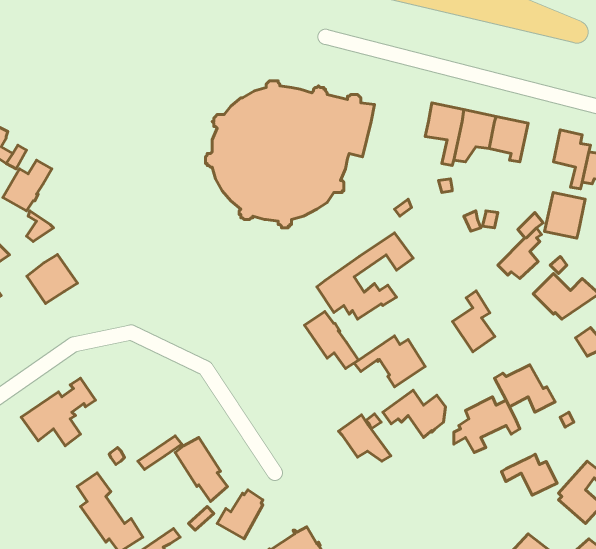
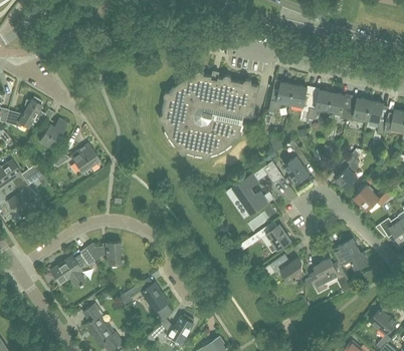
building: none -> [269,80,294,113]
building: [545,193,585,238] -> [347,96,371,123]
building: [27,254,78,303] -> [70,143,100,172]
building: [453,291,495,352] -> [284,146,310,183]
building: [305,312,358,369] -> none
building: none -> [85,242,123,265]
building: [339,415,391,461] -> none
building: [501,454,557,495] -> none

